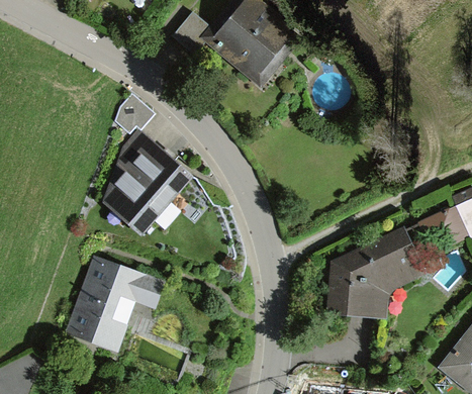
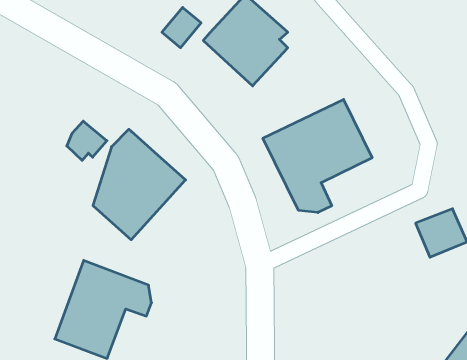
building: [115,94,155,132] -> [67,121,107,160]
building: none -> [263,99,372,213]
building: [327,224,428,318] -> none

